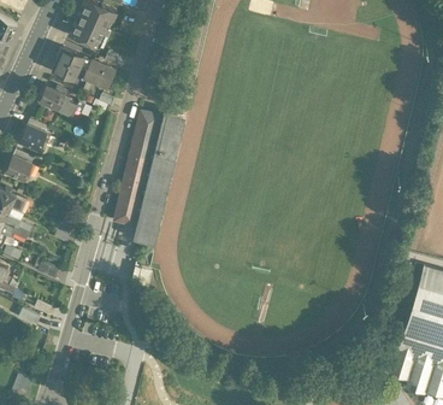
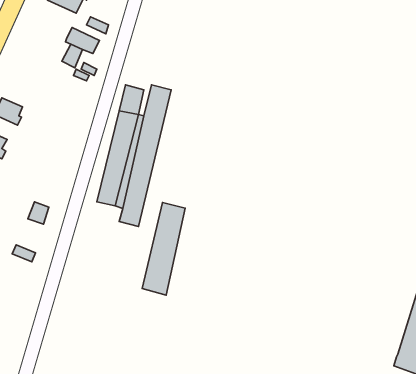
building: [52,46,90,78] -> none
building: [37,83,84,115] -> none
building: none -> [142,202,185,295]

